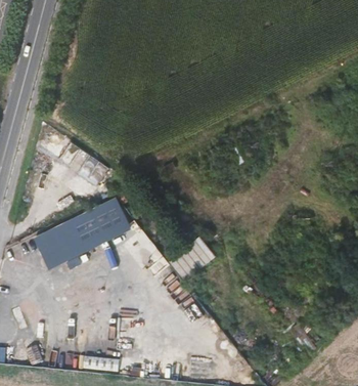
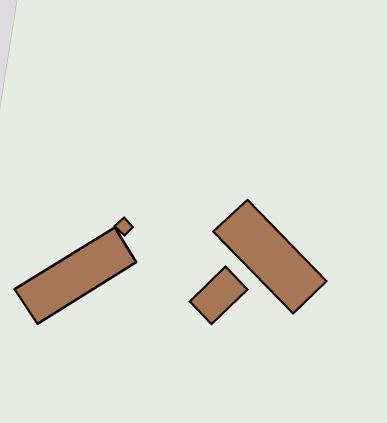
building: none -> [213,200,326,313]

